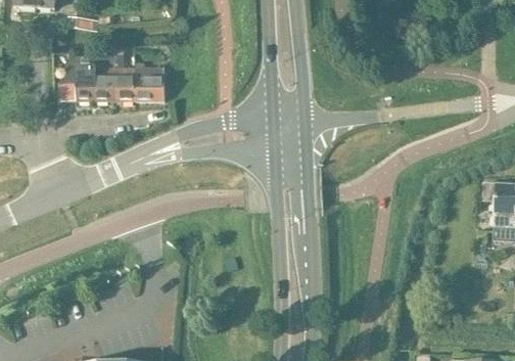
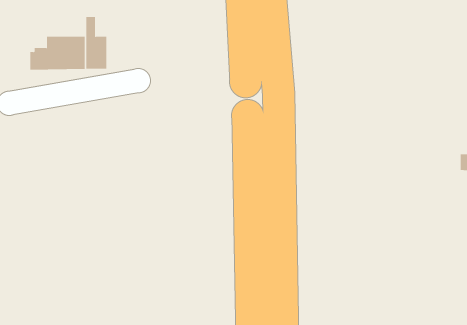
building: [134,66,163,99] -> none

